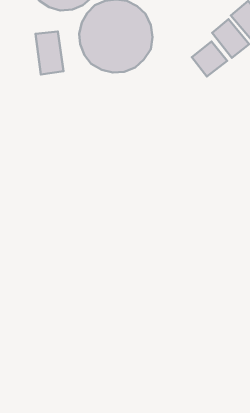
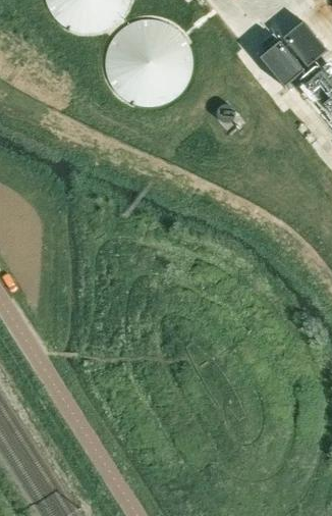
building: [35,31,64,75] -> none
building: [192,41,227,76] -> none

